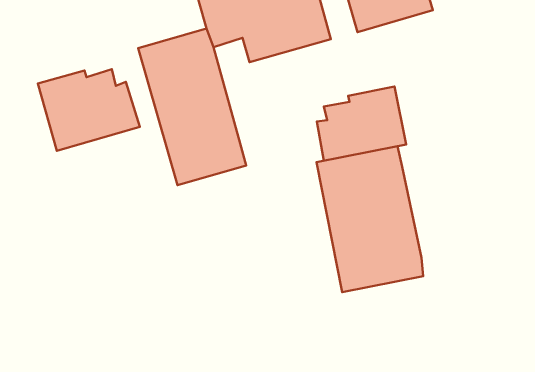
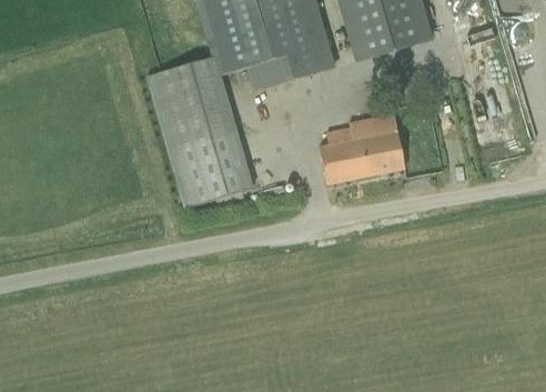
building: [38,69,140,151] -> none
building: [316,146,423,292] -> none

